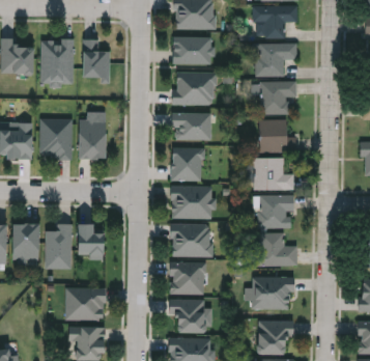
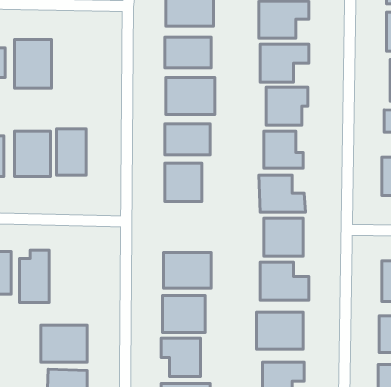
building: [81,39,110,79] -> none
building: [170,186,214,219] -> none
building: [76,225,103,259] -> none

